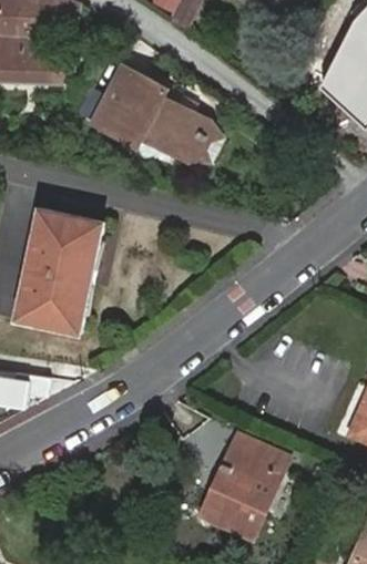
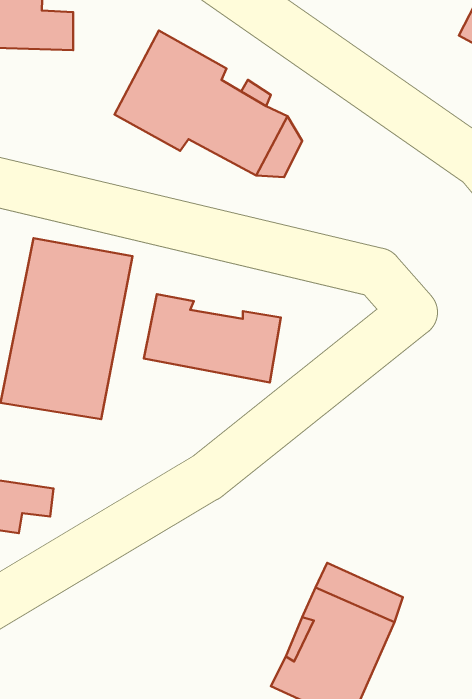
building: none -> [144,294,281,383]

